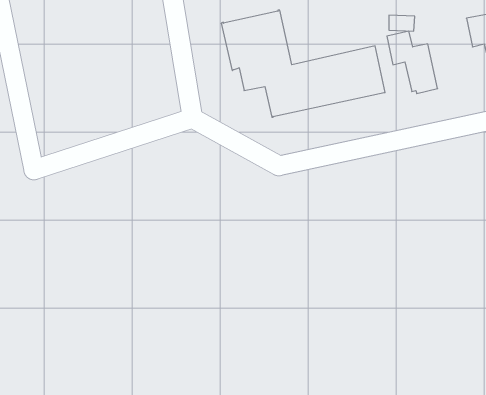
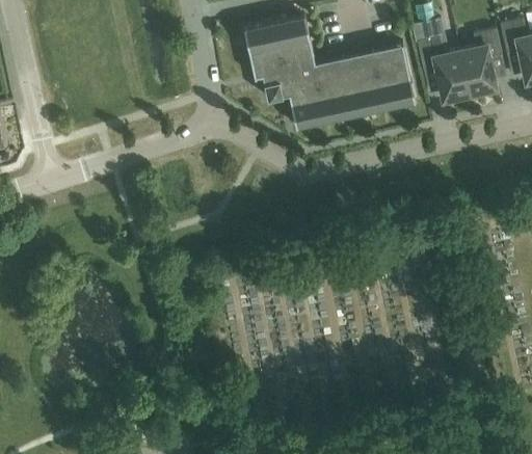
building: none -> [459,28,501,97]

